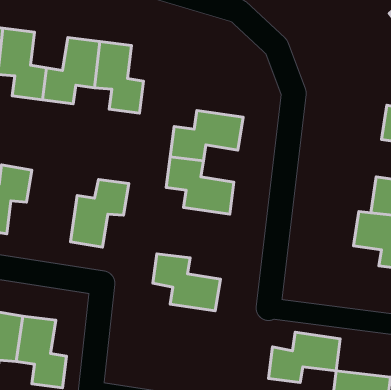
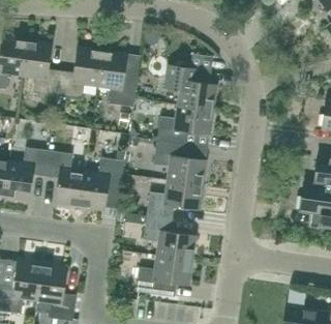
building: none -> [164,65,217,110]
building: none -> [46,151,85,207]
building: none -> [147,180,204,219]
building: [268,332,340,383] -> [137,256,192,295]

